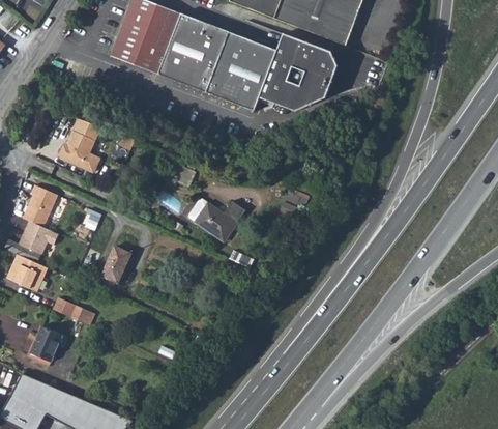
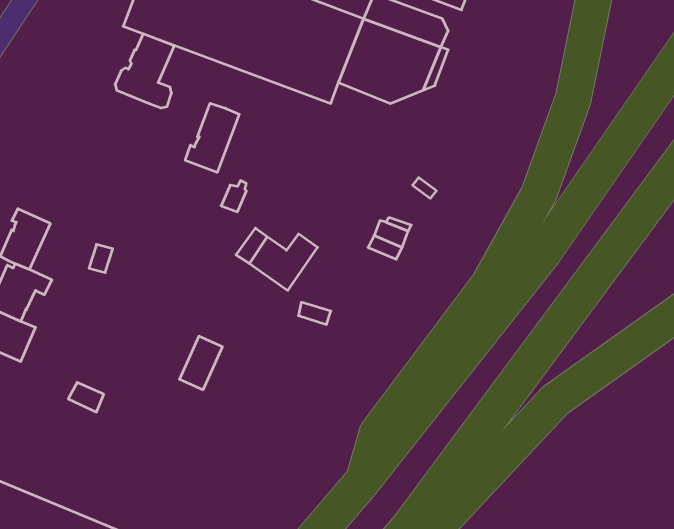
building: none -> [185,103,239,172]
building: [60,119,101,171] -> [115,34,174,108]
building: [101,246,131,283] -> [179,336,222,390]
building: [30,325,63,362] -> none

